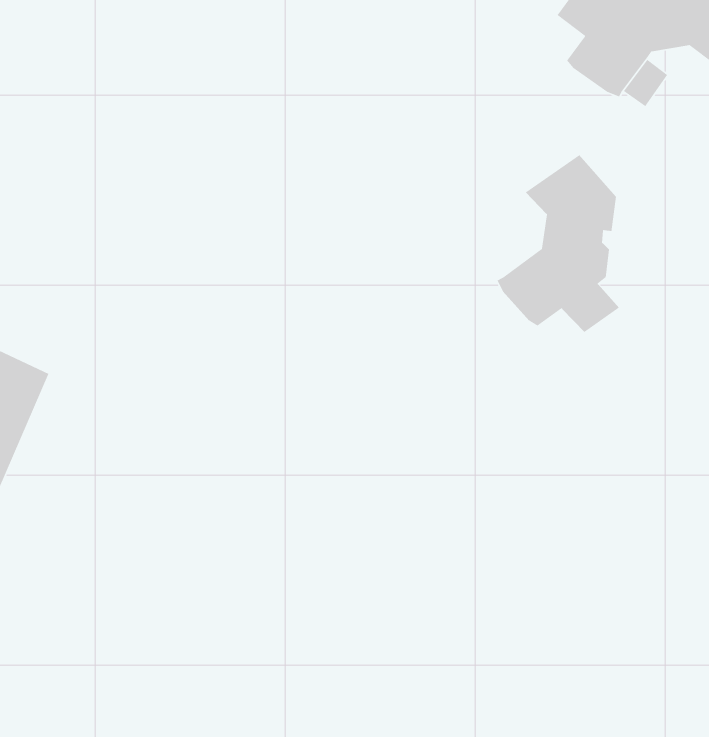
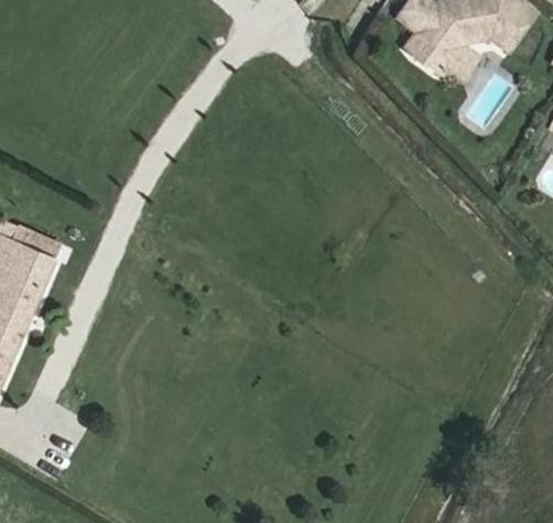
building: [496,154,620,333] -> none

